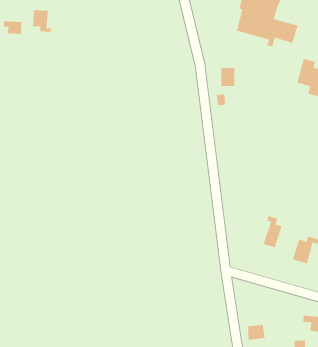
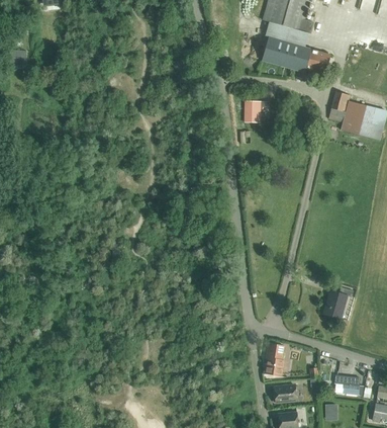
building: [33,9,51,32] -> none
building: [263,215,282,248] -> none
building: none -> [264,343,284,375]

